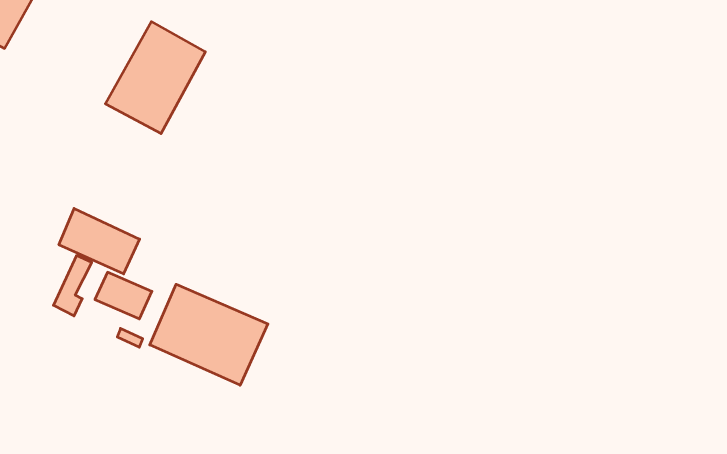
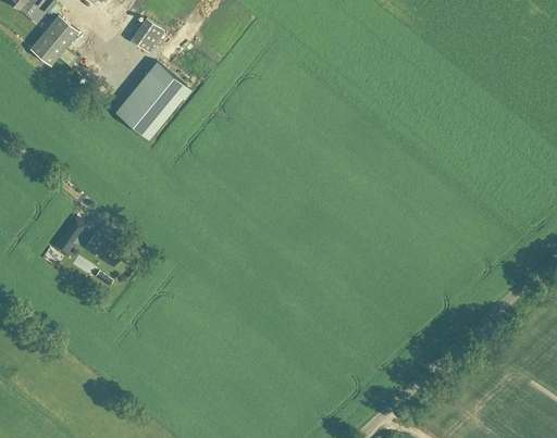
building: [59,208,140,274] -> none
building: [150,284,268,385] -> none

